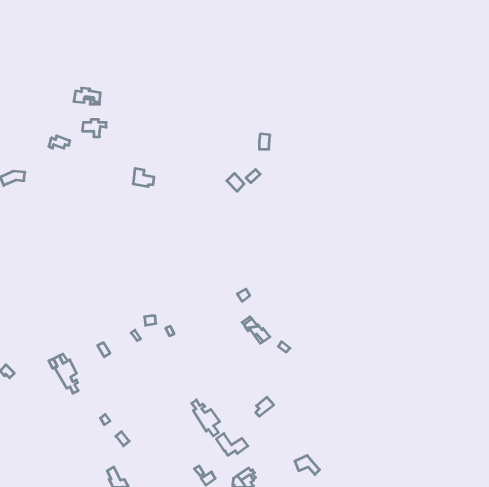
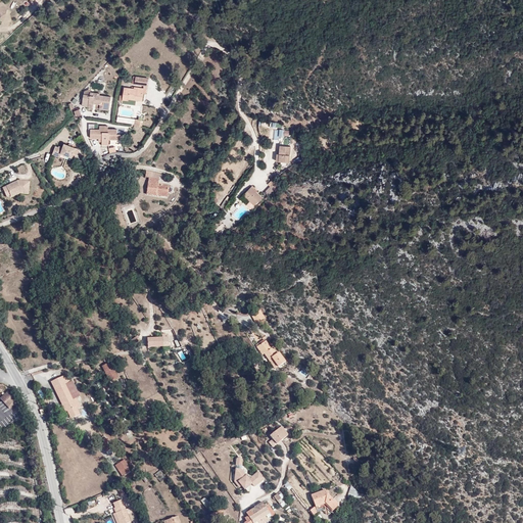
building: none -> [117,77,144,103]
building: [192,400,220,436] -> none

